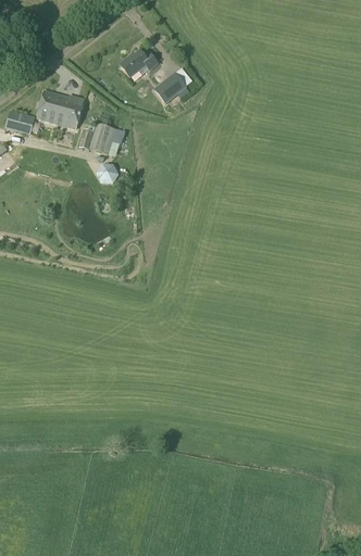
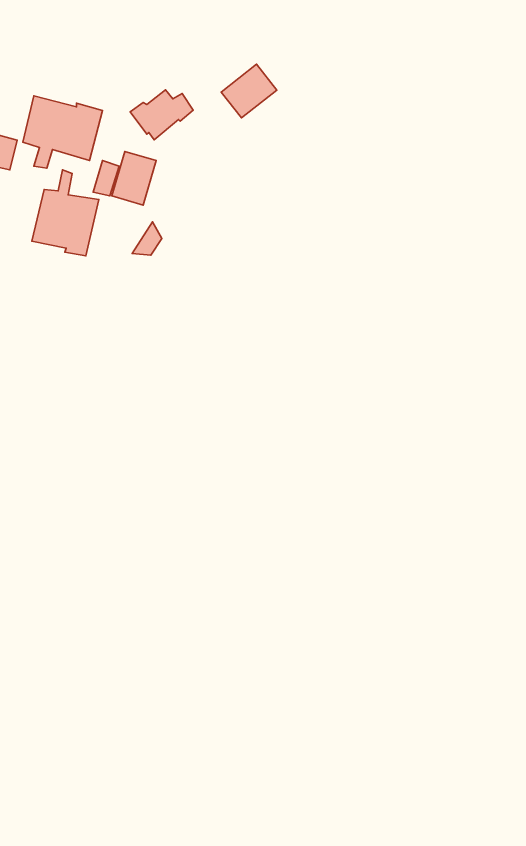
building: [121,51,158,80] -> [130,90,193,140]
building: none -> [32,170,99,256]

